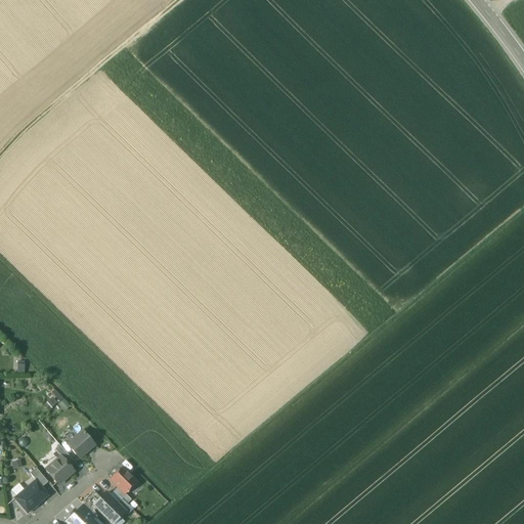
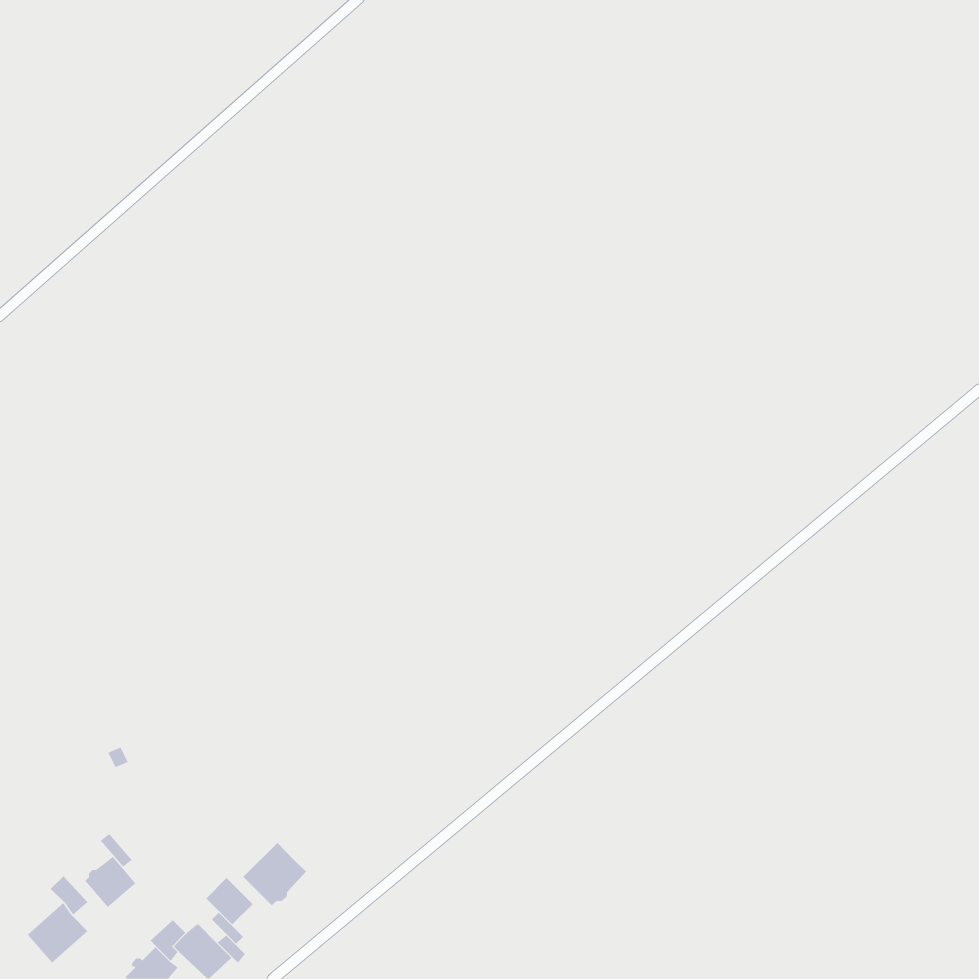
building: [66,431,93,457] -> none
building: none -> [243,842,307,906]

